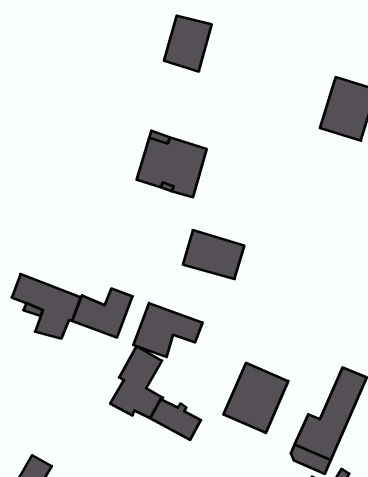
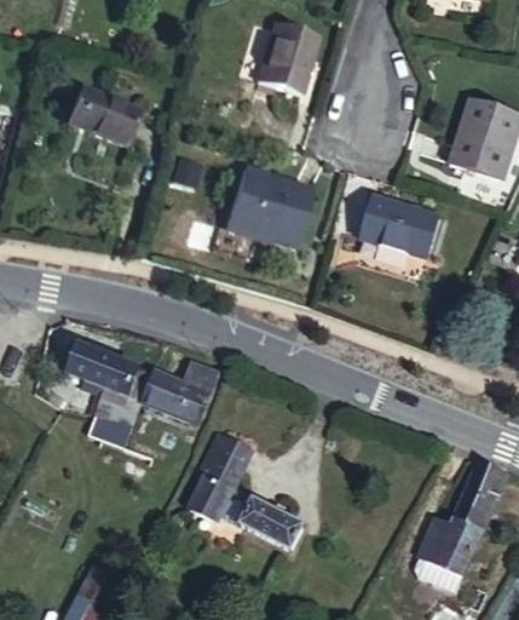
building: none -> [65,86,134,145]
building: [183,230,244,279] -> [362,196,438,257]
building: [133,303,202,357] -> none
building: [224,363,288,433] -> none

